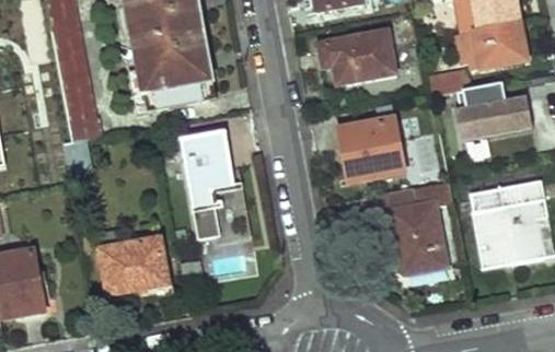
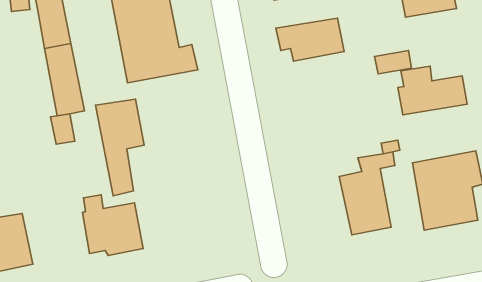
building: [458,20,527,66] -> none
building: [339,118,405,181] -> none
building: [181,131,235,239] -> [95,99,144,196]

